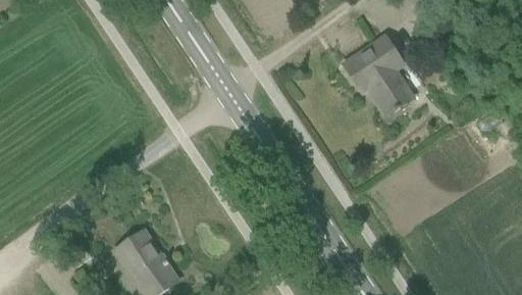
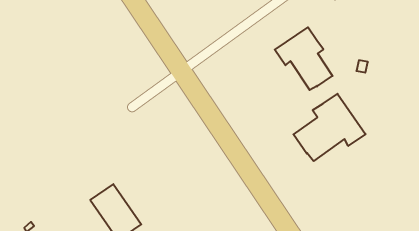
building: none -> [293,94,366,161]

